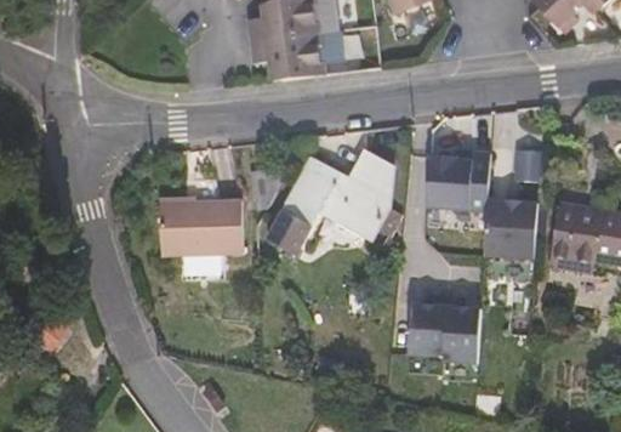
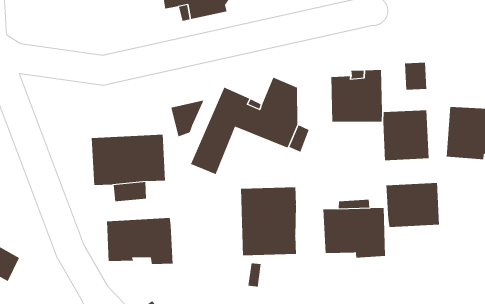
building: none -> [240,186,296,256]
building: none -> [386,182,439,228]
building: none -> [106,217,173,265]

